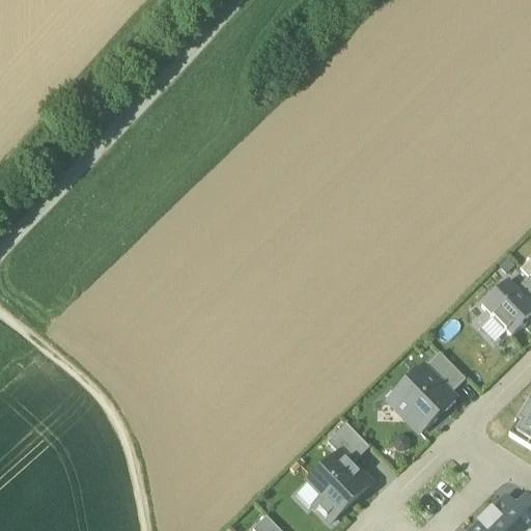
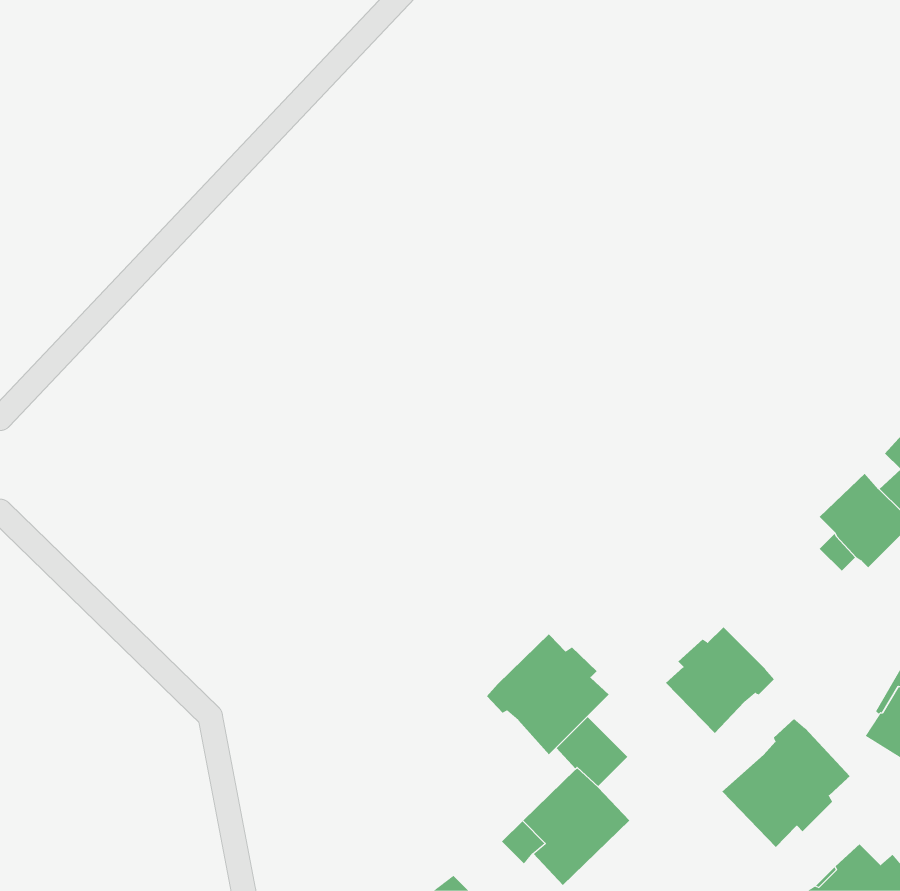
building: [424,351,467,393] -> none
building: none -> [486,634,610,755]
building: none -> [722,718,850,848]

